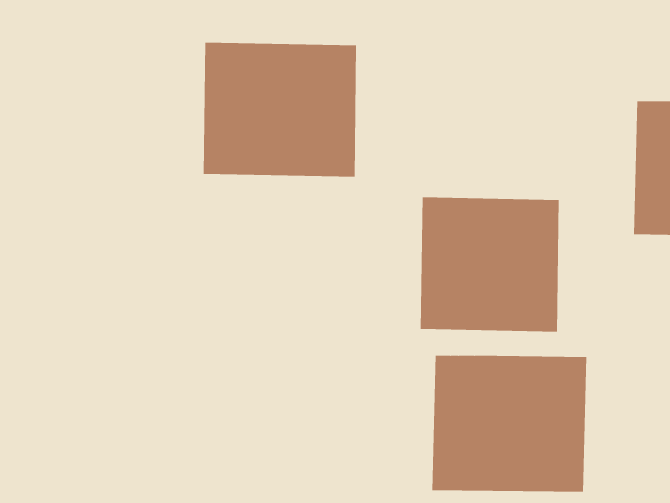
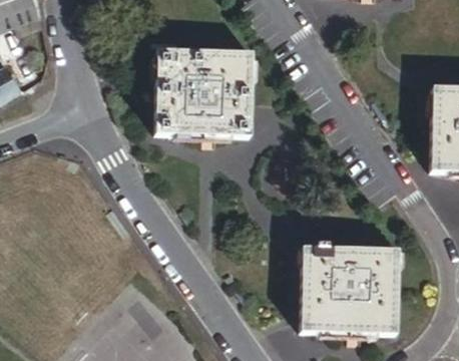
building: [420,197,559,332] -> none

